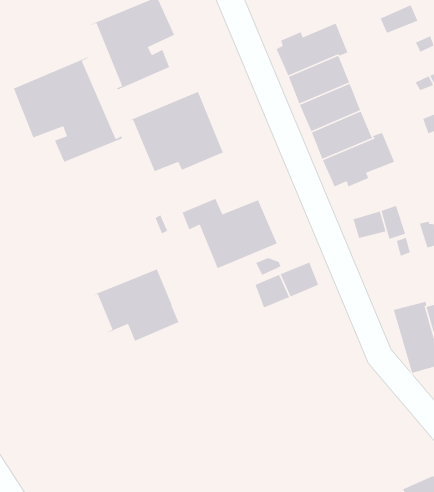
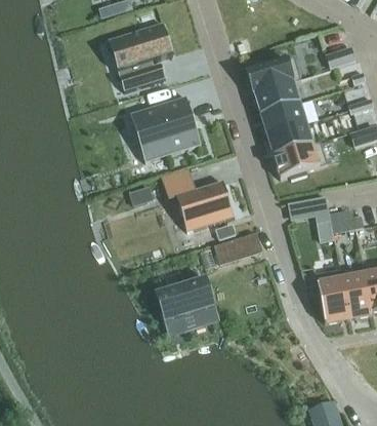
building: [13,56,123,163] -> none
building: [90,268,179,342] -> [154,278,218,332]

